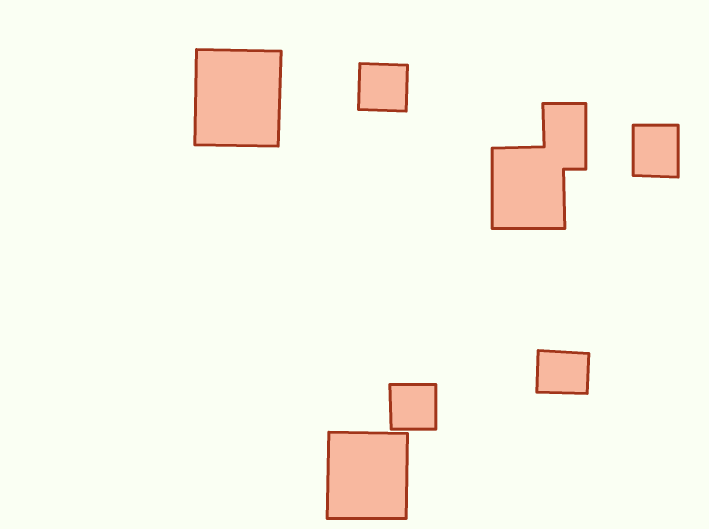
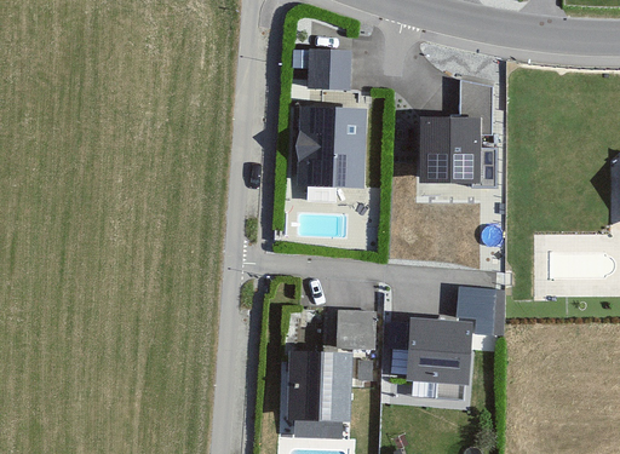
building: [195,50,281,146] -> [298,108,368,186]
building: [633,125,678,177] -> none
building: none -> [408,321,471,397]

